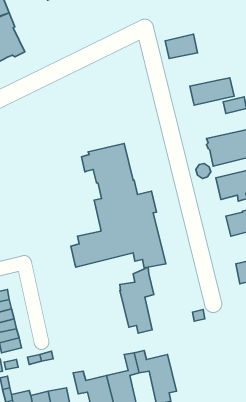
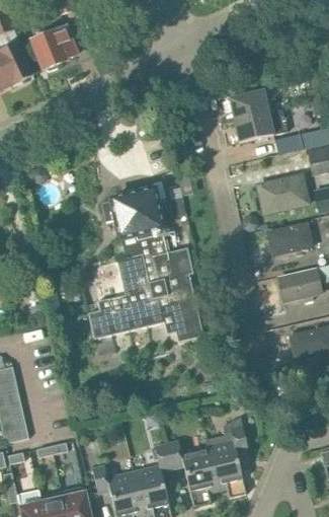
building: none -> [31,25,77,71]
building: [165,34,198,59] -> [229,90,268,120]
building: [120,267,154,333] -> [207,418,248,498]

